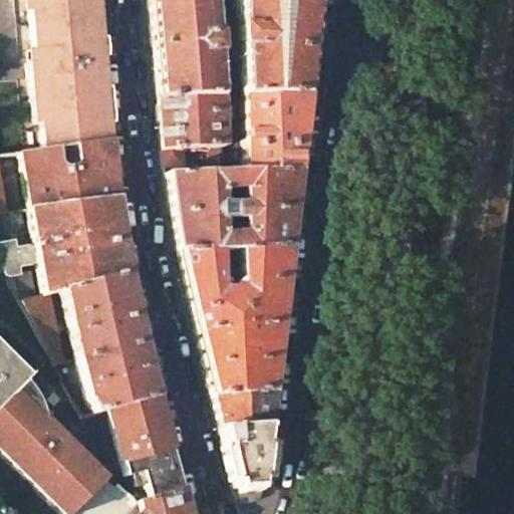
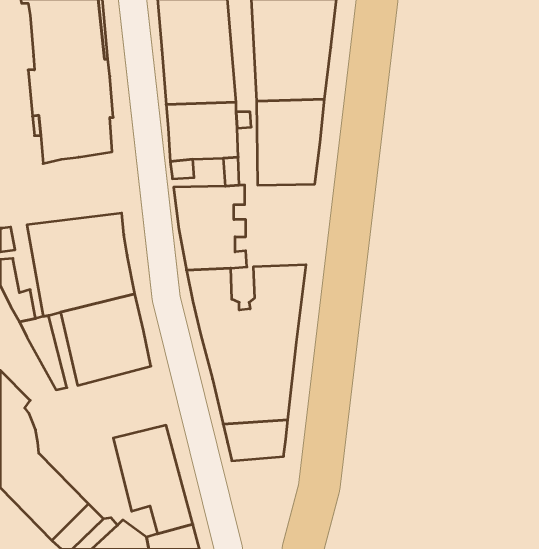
building: [27,141,124,210] -> none
building: [239,172,304,249] -> none
building: [83,341,166,414] -> none
building: [227,426,275,489] -> none

